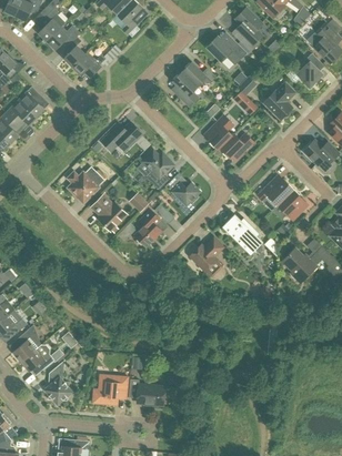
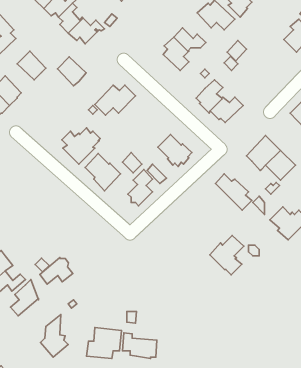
building: [262,80,296,120] -> none
building: [7,99,37,129] -> [58,57,86,86]
building: [141,149,174,189] -> none
building: [190,235,225,276] -> [210,236,244,275]
building: [20,343,54,371] -> [40,257,73,284]

